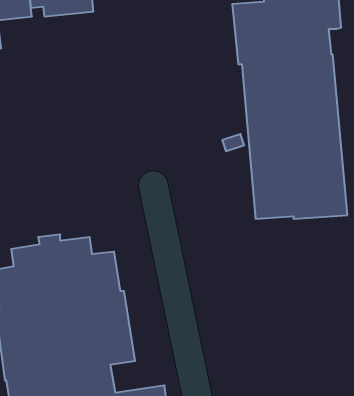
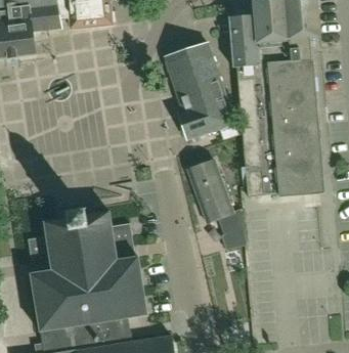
building: none -> [166,43,234,138]
building: none -> [188,160,248,249]

